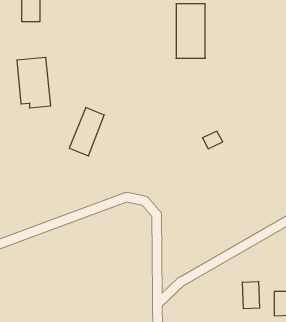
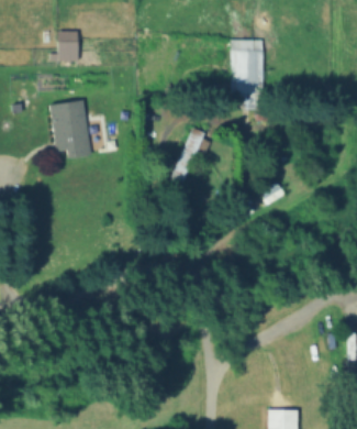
building: [69,107,104,156] -> [170,132,210,187]
building: [242,281,260,309] -> none

